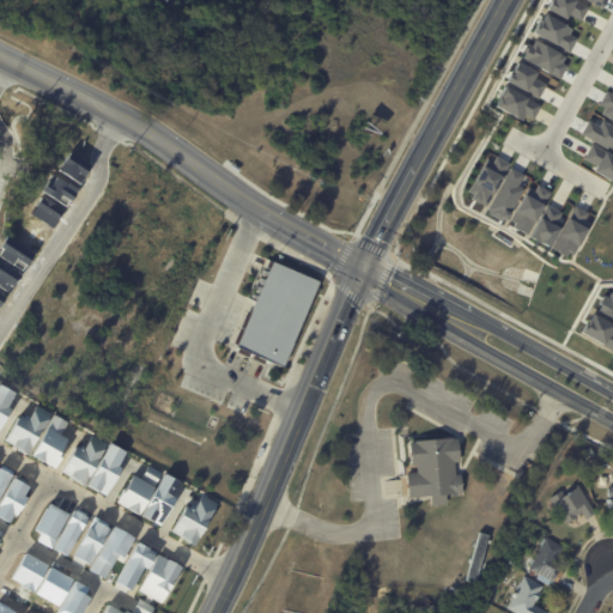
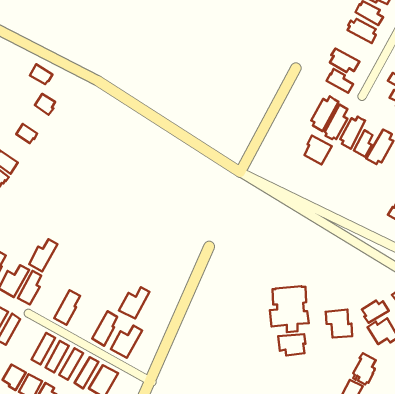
building: [508,62,547,98] -> [326,69,353,93]
building: [44,174,78,204] -> [30,64,52,84]
building: none -> [305,136,332,165]
building: [238,261,320,363] -> none
building: [66,435,108,482] -> [29,239,58,271]
building: none -> [362,300,389,323]
building: [117,466,163,512] -> [119,287,150,319]
building: none -> [325,309,352,338]
building: [32,504,66,539] -> none
building: none -> [278,334,306,356]

